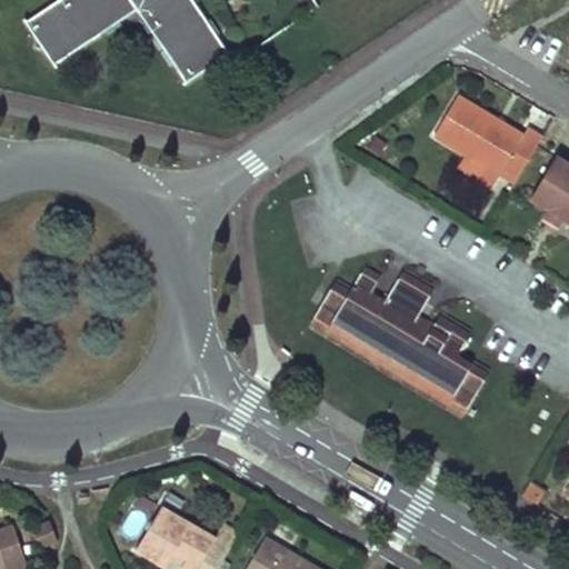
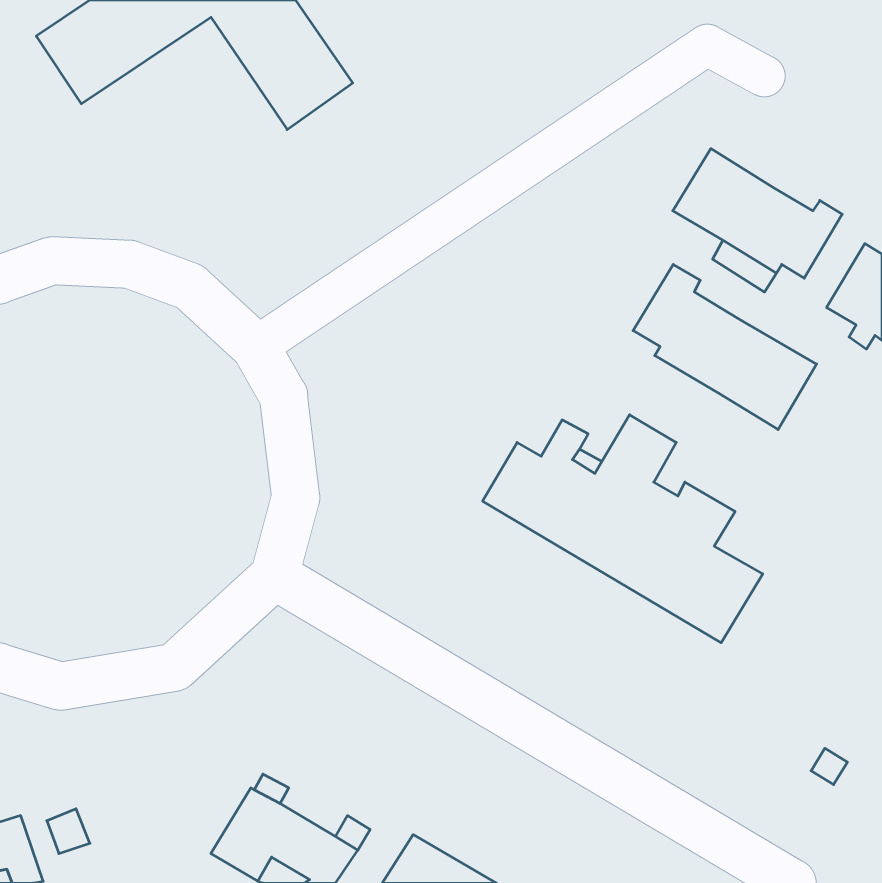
building: none -> [633,264,817,430]

